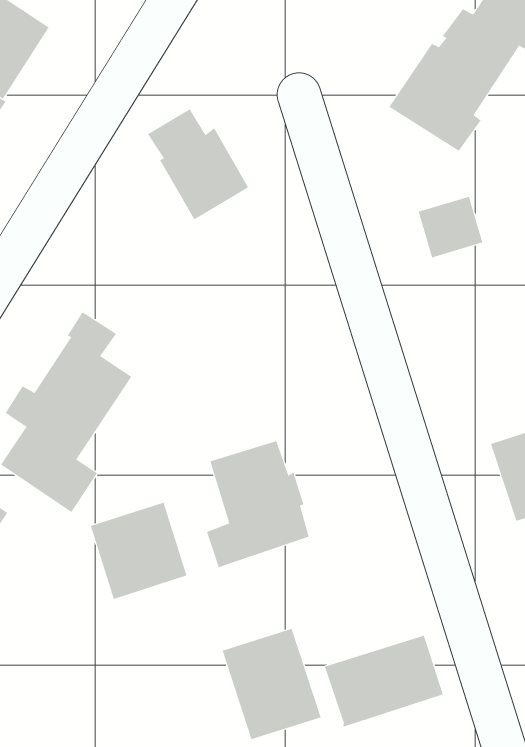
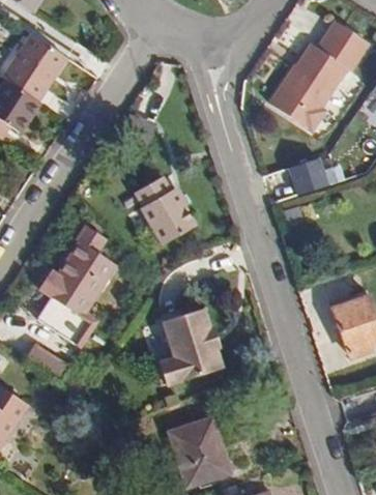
building: [147,108,249,220] -> [134,177,195,244]
building: [90,502,187,600] -> none
building: [324,635,444,728] -> none

